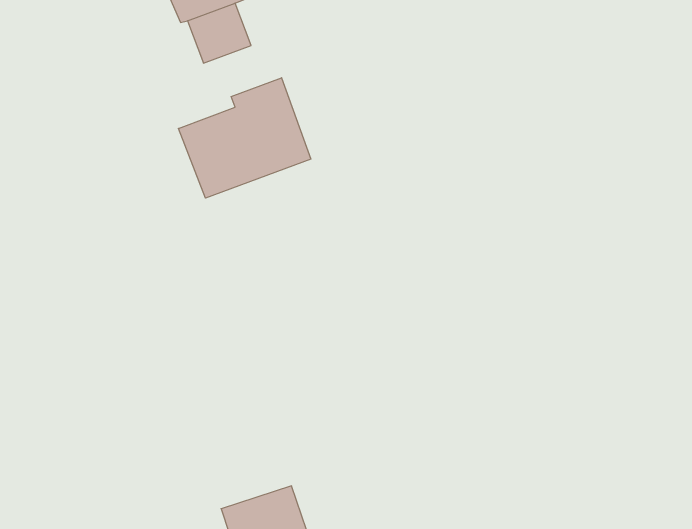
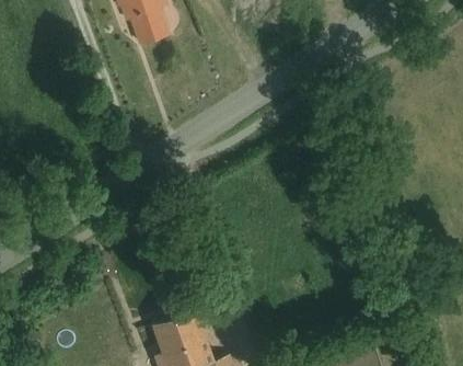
building: [178,78,311,198] -> none

